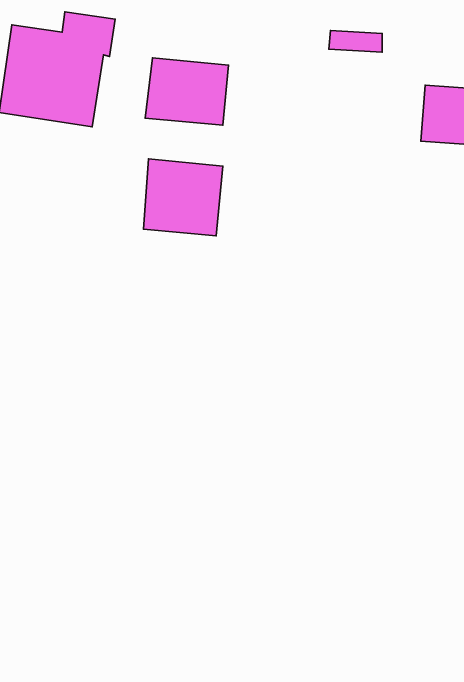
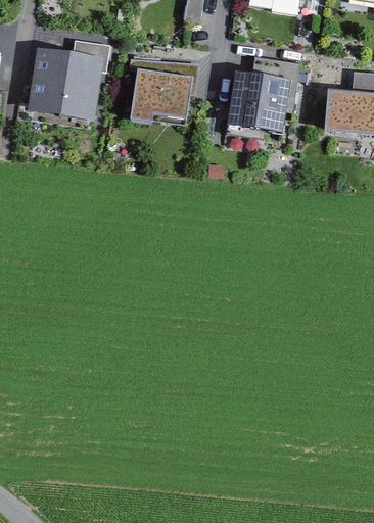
building: none -> [228,72,293,131]
building: [143,159,223,236] -> none

